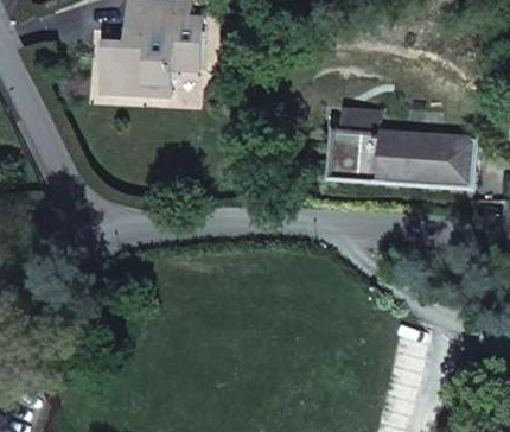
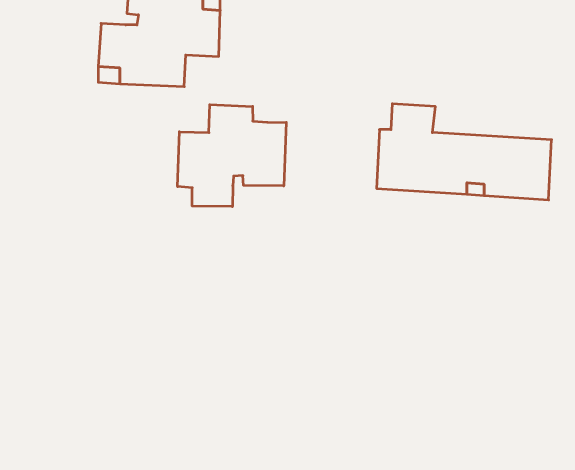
building: none -> [178,105,286,207]

